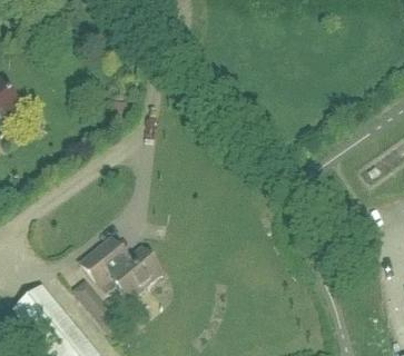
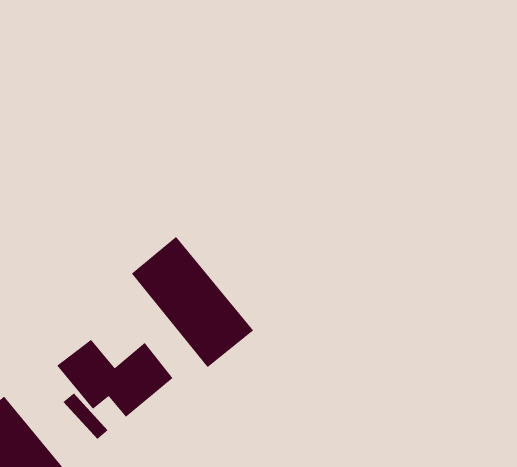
building: none -> [131,236,254,368]

